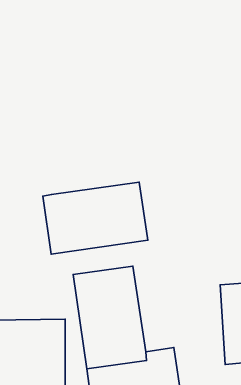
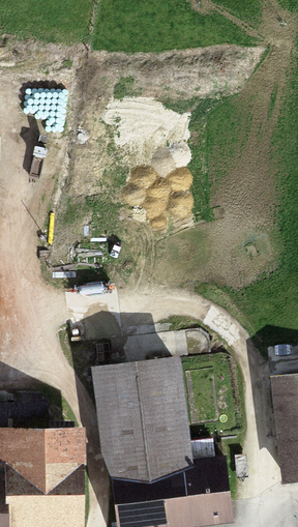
building: [43,182,148,254] -> none

